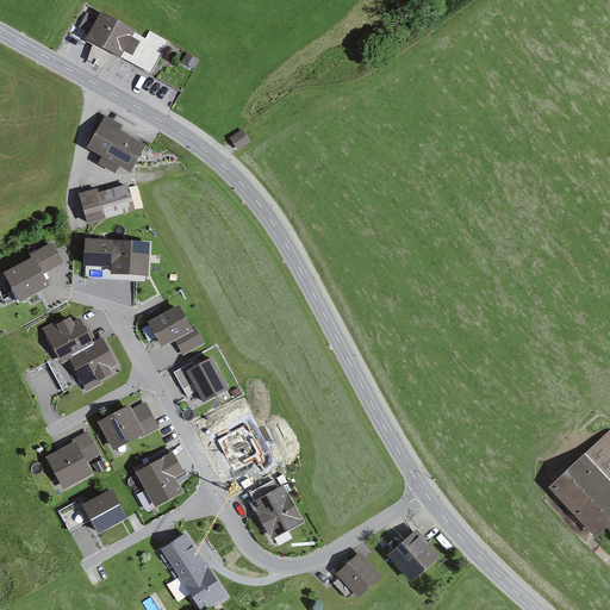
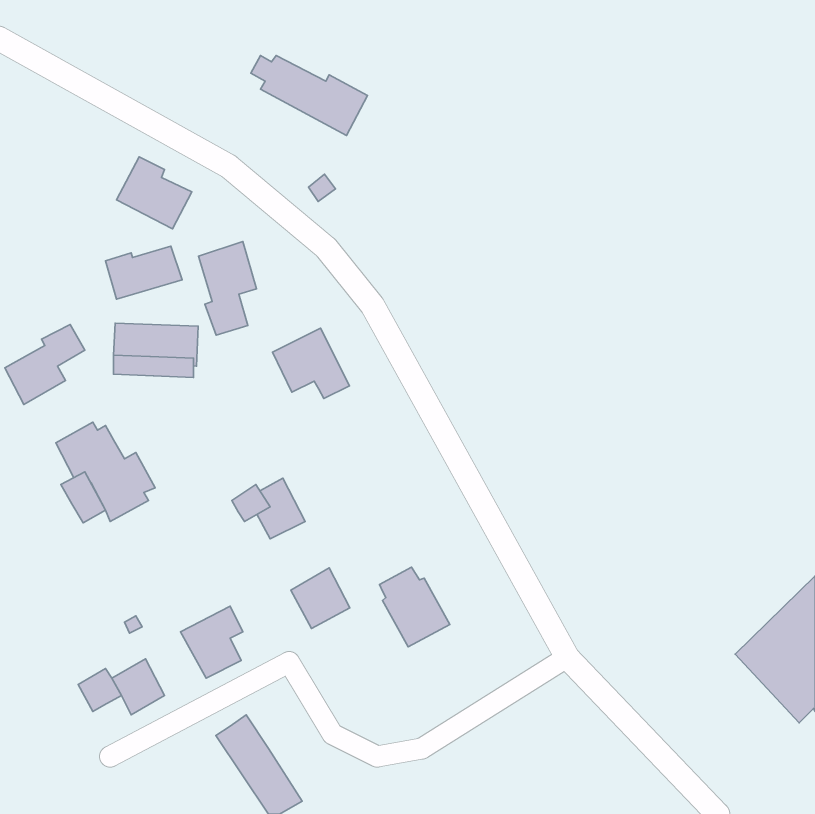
building: [80,13,167,73] -> [251,56,367,136]
building: none -> [198,241,257,335]
building: [145,301,203,354] -> [273,328,349,399]
building: [98,402,157,449] -> none
building: [45,431,99,488] -> none
building: [249,480,301,540] -> [379,567,450,647]
building: [391,531,437,579] -> none
building: [336,552,381,597] -> none

